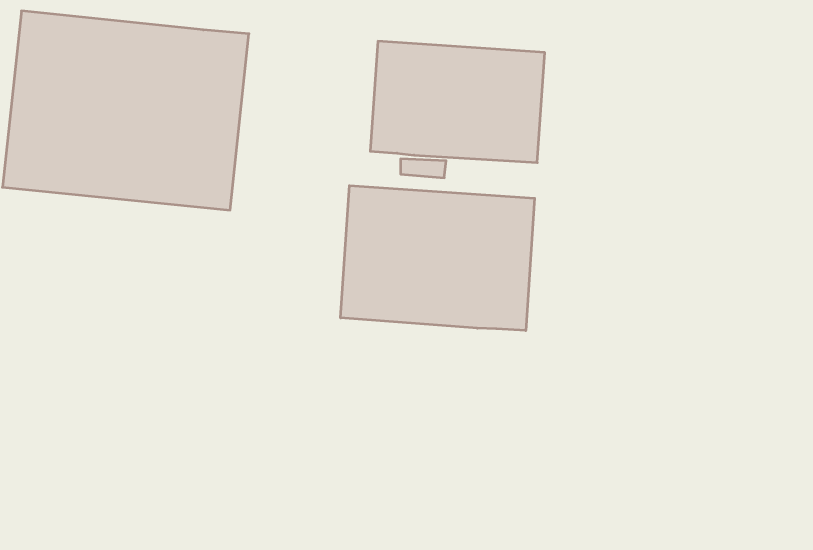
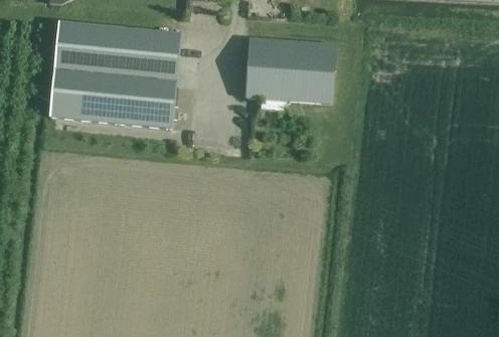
building: [341,186,535,331] -> none

